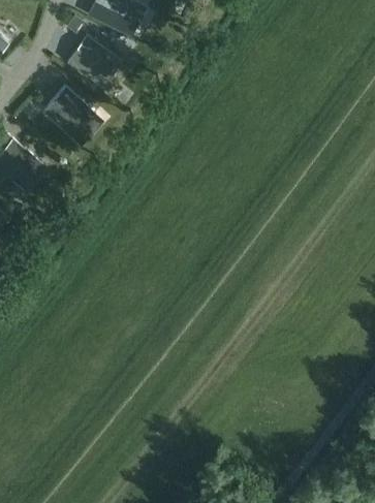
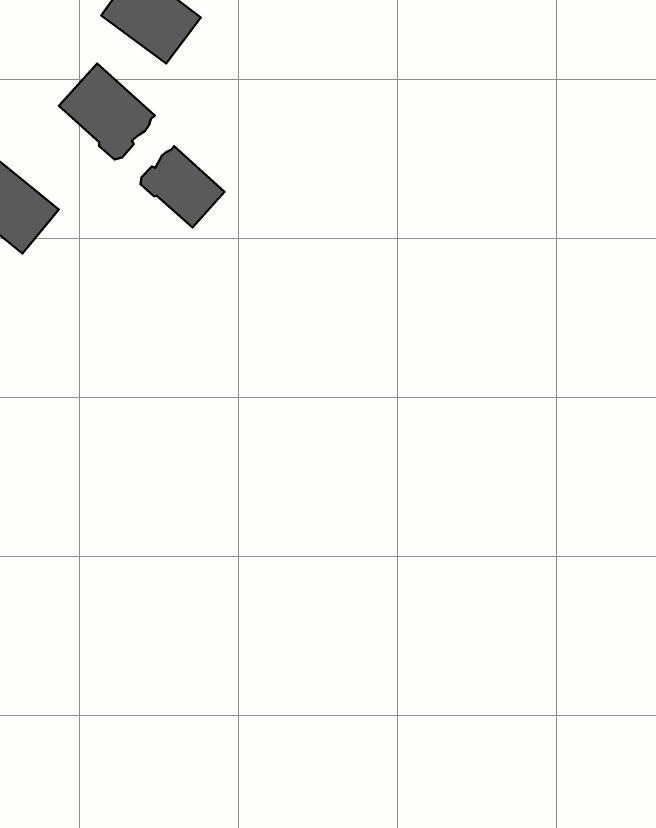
building: none -> [141,146,224,228]

